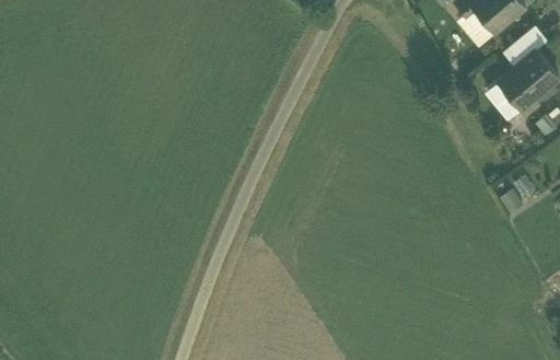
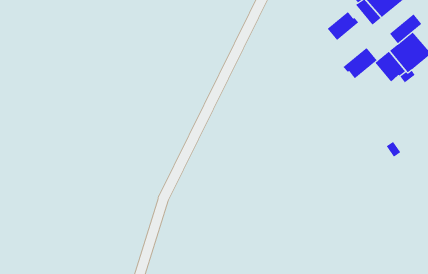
building: none -> [327,11,359,41]
building: none -> [343,47,378,79]

